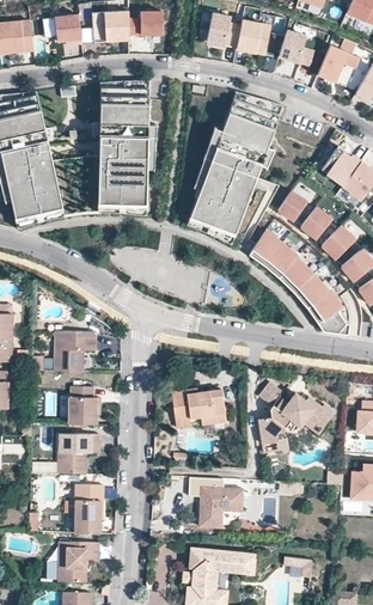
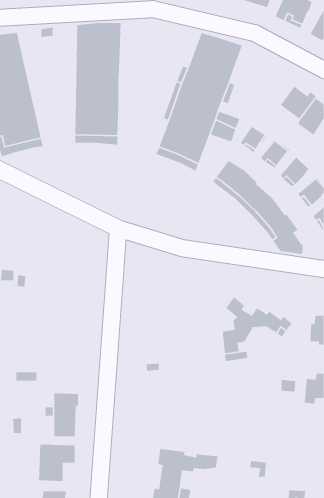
building: [56,331,96,371] -> none
building: [71,387,103,426] -> none
building: [172,389,226,420] -> none
building: [60,435,100,476] -> none
building: [200,487,244,527] -> none

